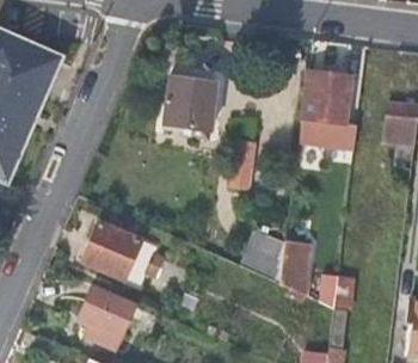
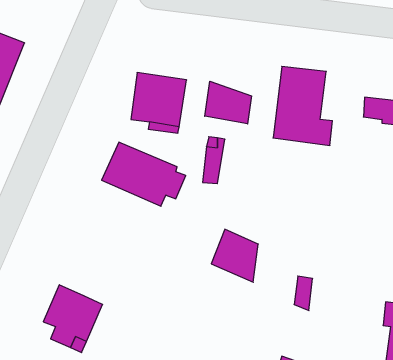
building: none -> [205,81,252,124]
building: [84,226,165,288] -> [102,142,186,206]
building: [282,245,312,296] -> none

